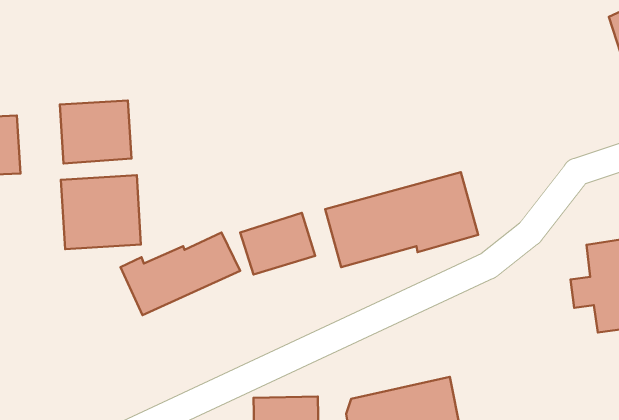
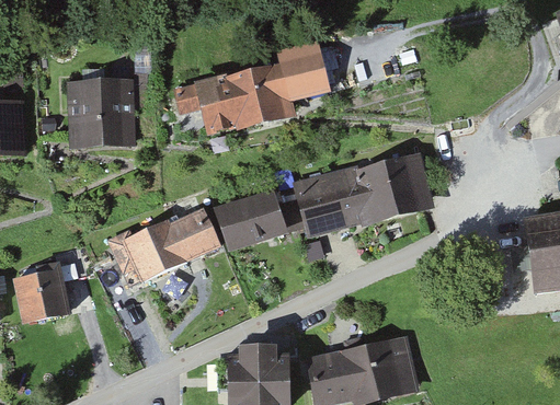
building: none -> [178,40,329,128]
building: [61,175,141,249] -> none
building: none -> [20,261,71,317]

